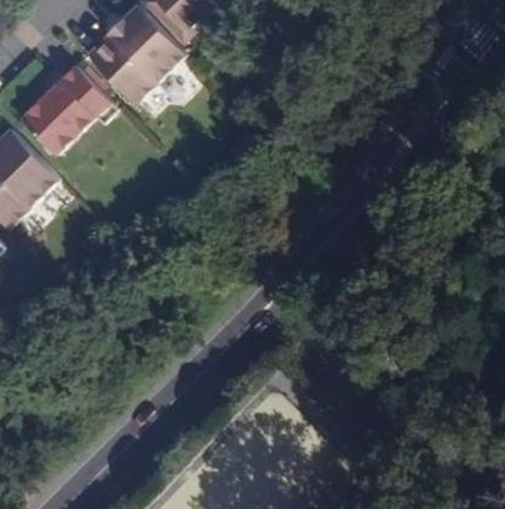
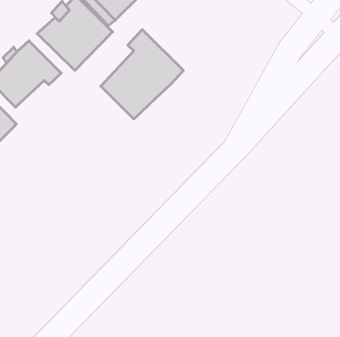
building: none -> [101,30,183,119]

